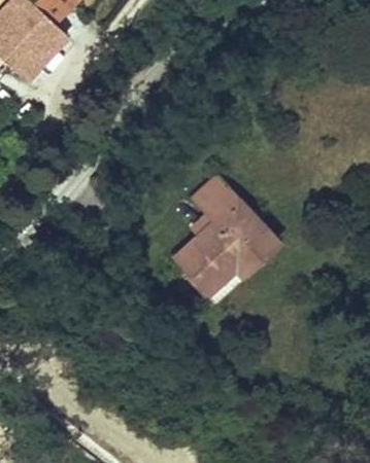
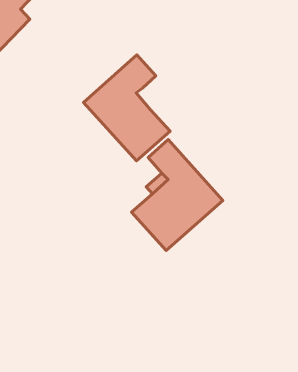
building: none -> [84,55,170,161]

